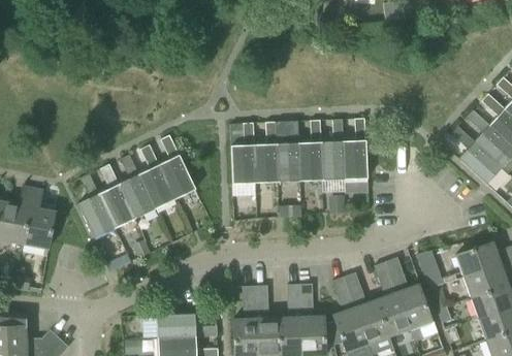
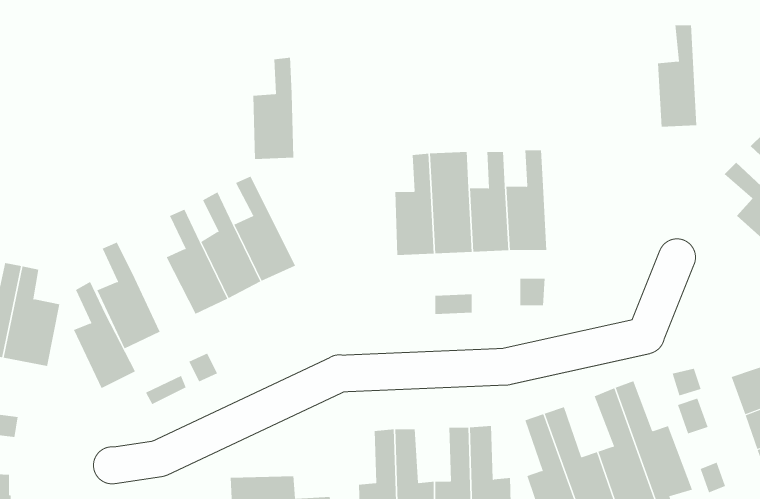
building: [344,119,367,180] -> [657,25,697,127]
building: [231,123,256,184] -> [253,57,294,160]
building: [99,164,136,228] -> [73,281,136,389]

